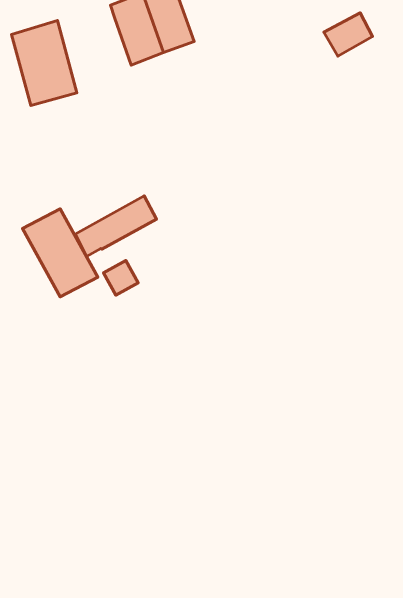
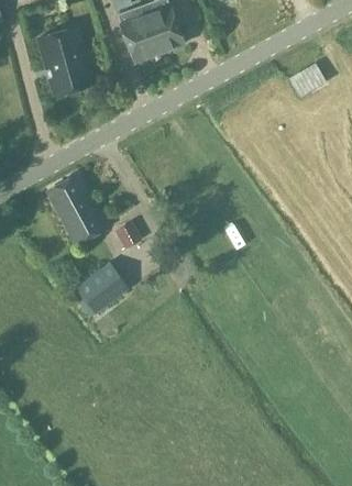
building: [324,13,373,56] -> [288,64,327,98]
building: [75,196,156,257] -> none
building: none -> [75,262,130,316]

